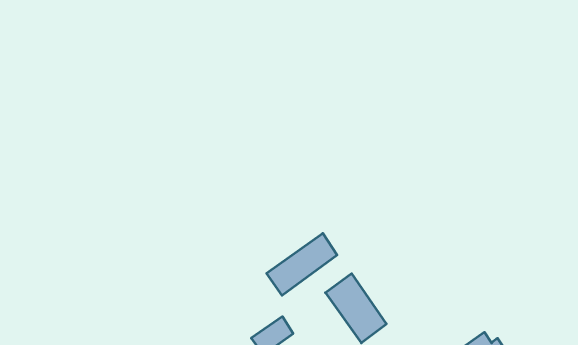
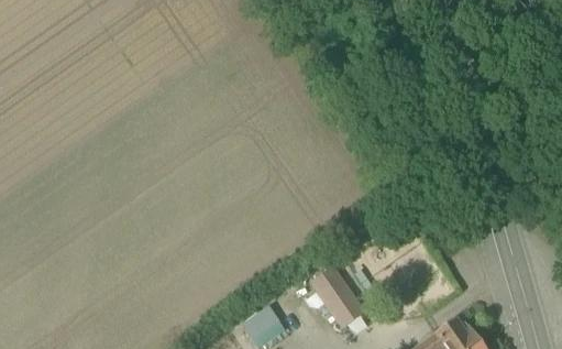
building: [267,233,337,295] -> none

